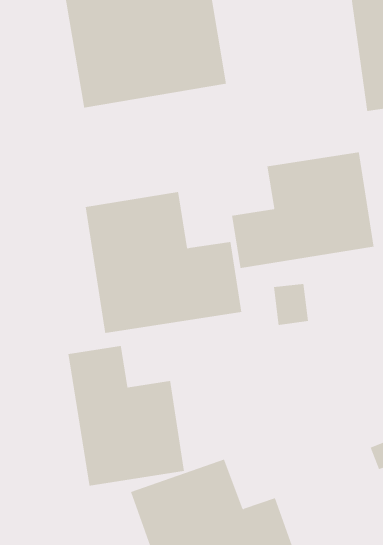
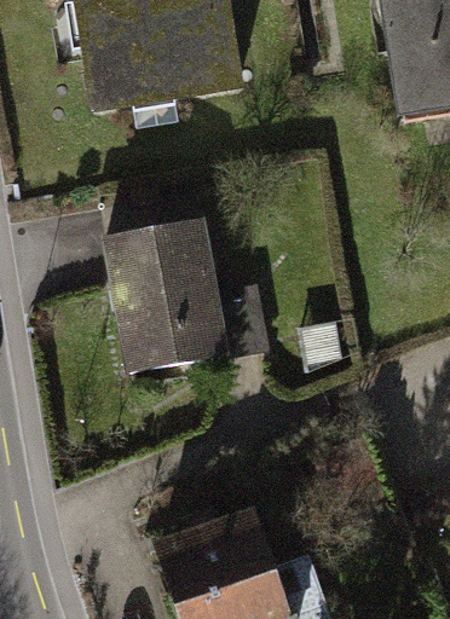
building: [231,152,374,269] -> none
building: [68,345,185,486] -> none

